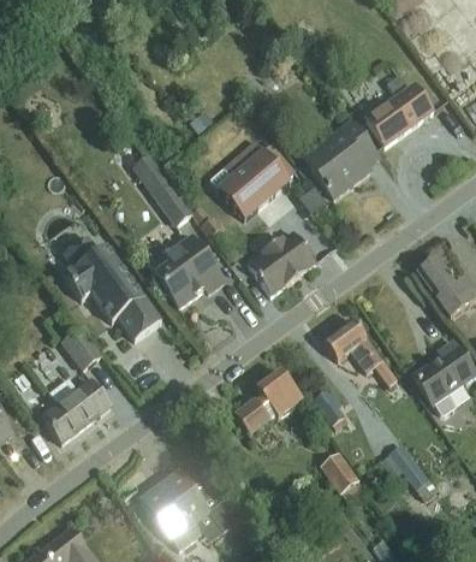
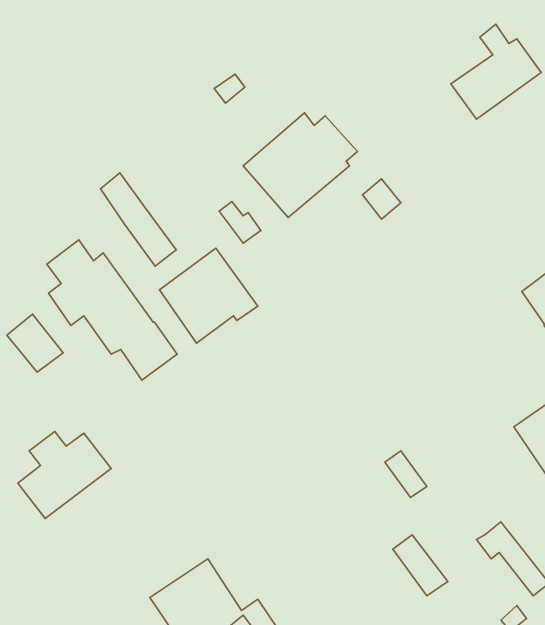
building: [304,119,380,196] -> none
building: [133,159,190,229] -> [100,173,176,266]
building: [248,230,316,295] -> none
building: [325,321,397,386] -> none
building: [58,329,100,372] -> [7,314,63,372]
building: [234,373,303,437] -> none

